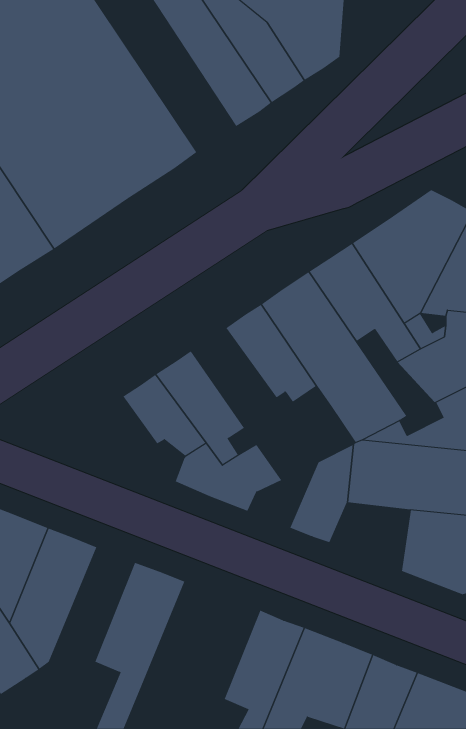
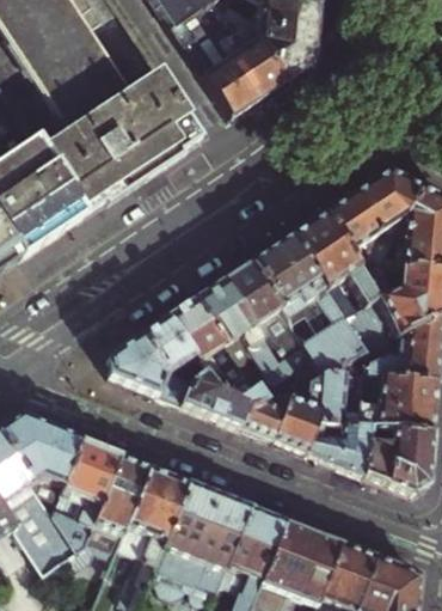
building: none -> [196,280,315,381]
building: none -> [109,335,191,403]
building: none -> [241,387,297,440]
building: none -> [307,420,372,475]
building: none -> [63,456,151,573]
building: none -> [156,483,251,587]

